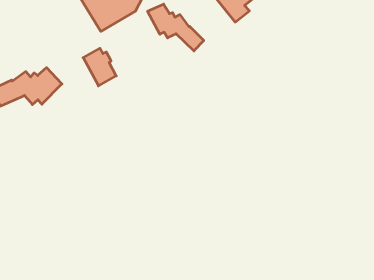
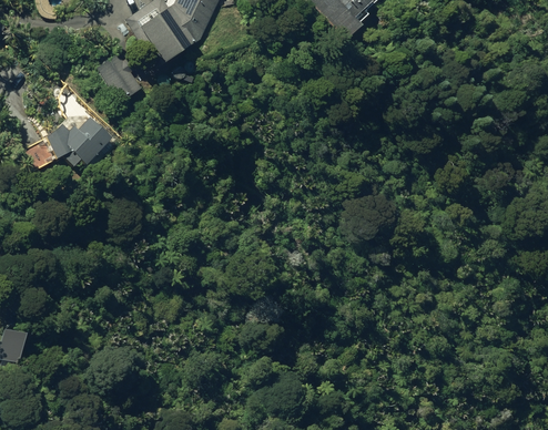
building: [148,4,204,51] -> none
building: [83,48,116,86] -> [99,52,143,101]

